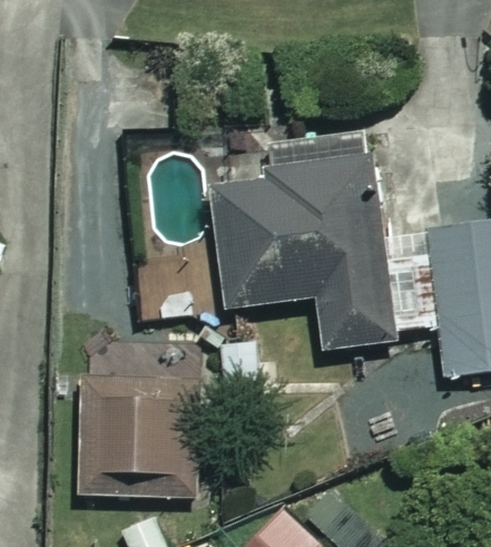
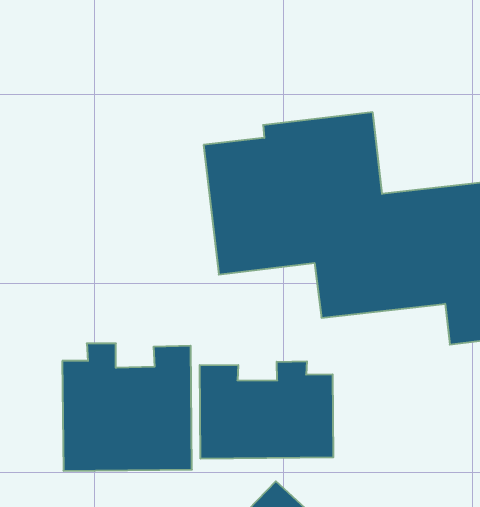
building: none -> [200,361,333,459]

